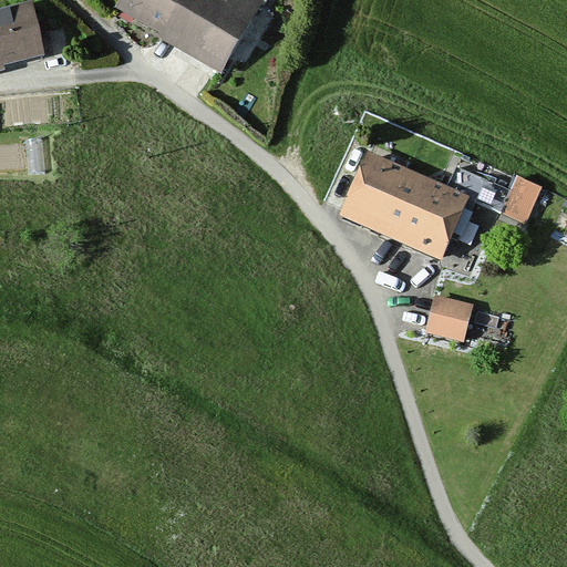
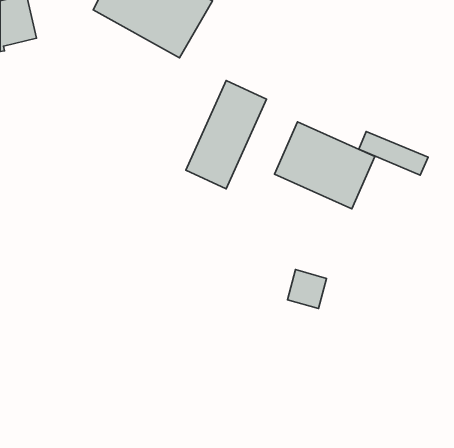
building: none -> [186,80,267,189]
building: [423,293,472,342] -> [287,270,326,309]

